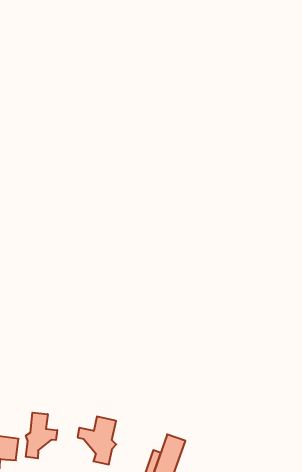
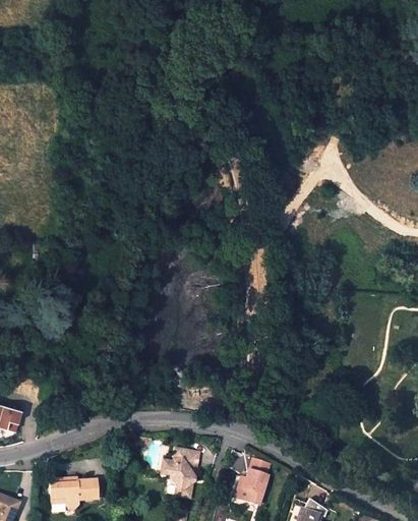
building: [26,413,57,458] -> none

